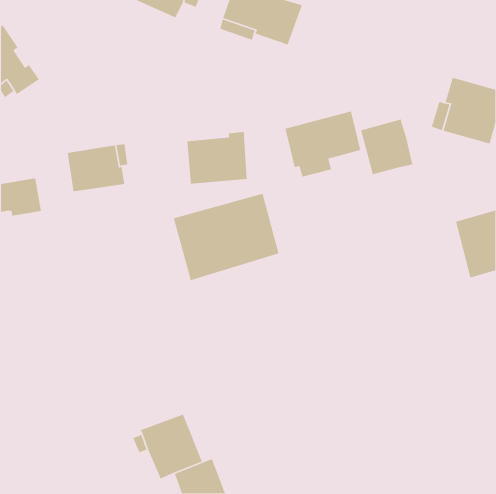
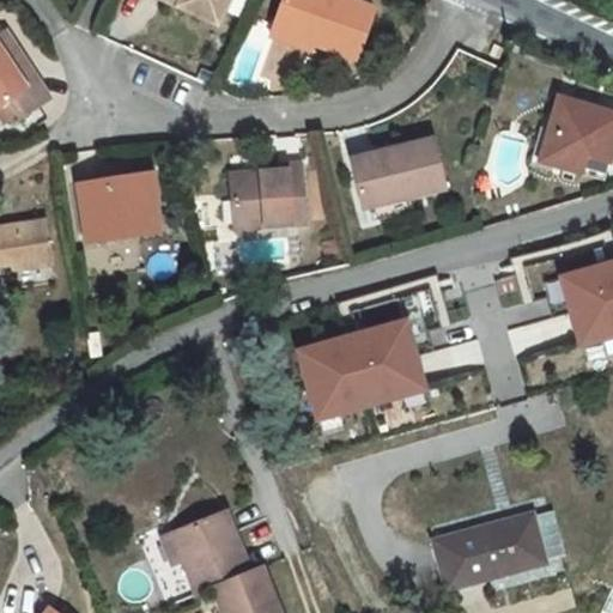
building: [360,118,413,175] -> none
building: [173,193,280,281] -> [297,312,429,421]
building: none -> [435,512,545,587]

